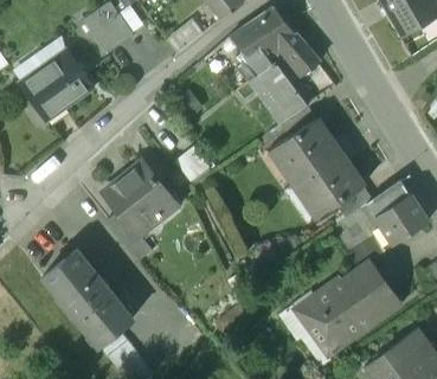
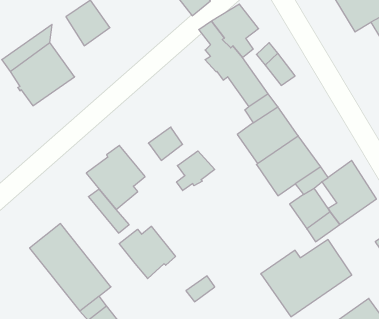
building: none -> [177,151,215,191]
building: none -> [119,226,175,279]

